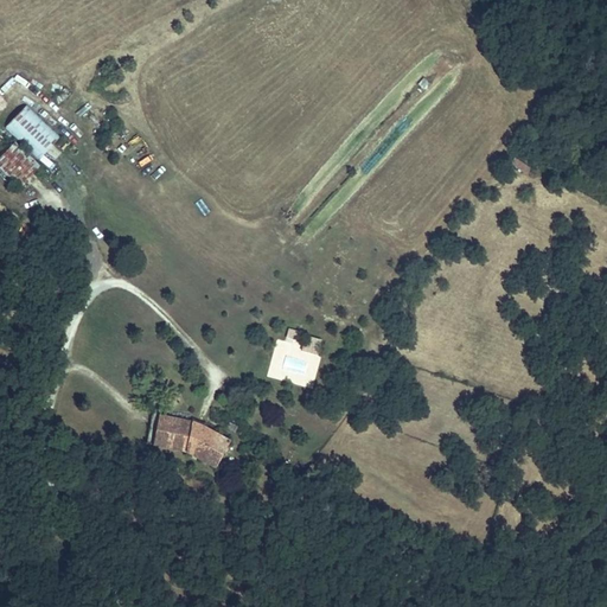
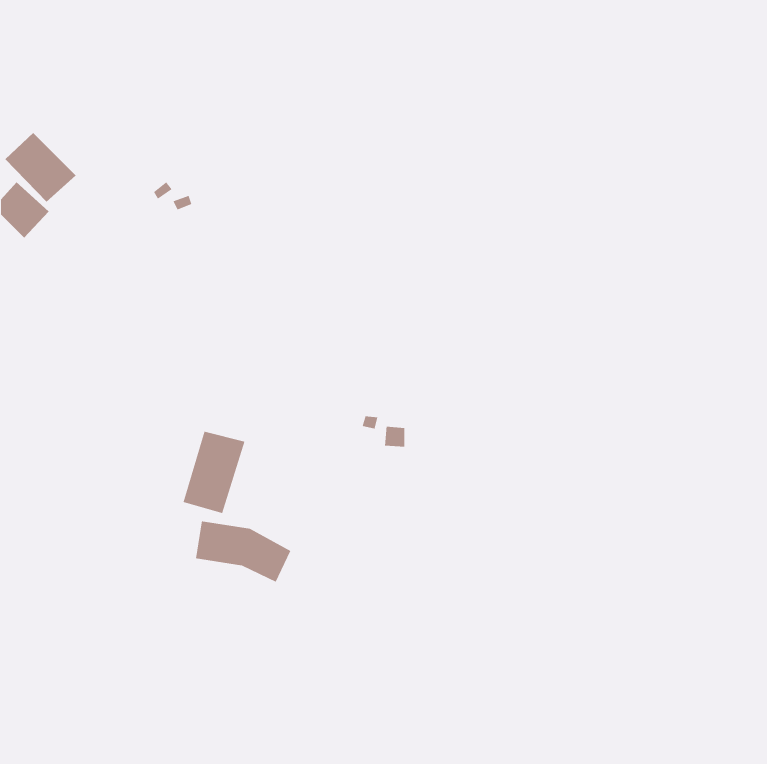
building: none -> [183,431,245,514]

